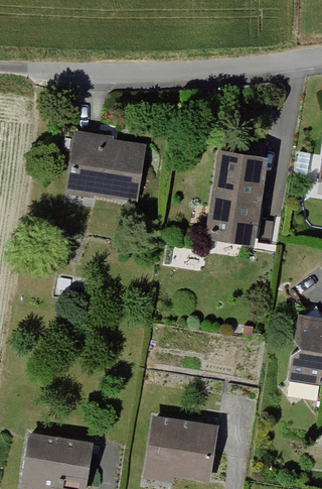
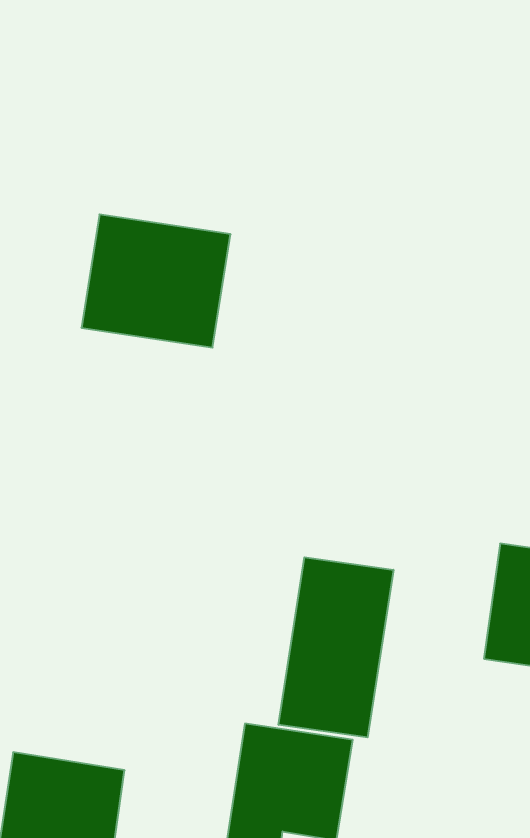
building: [205,150,265,243] -> none
building: none -> [279,557,393,737]

